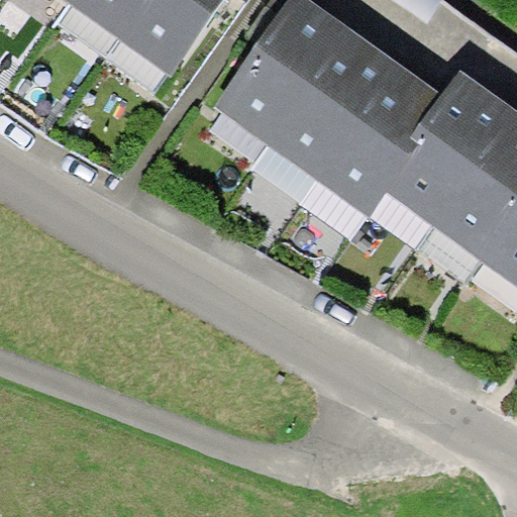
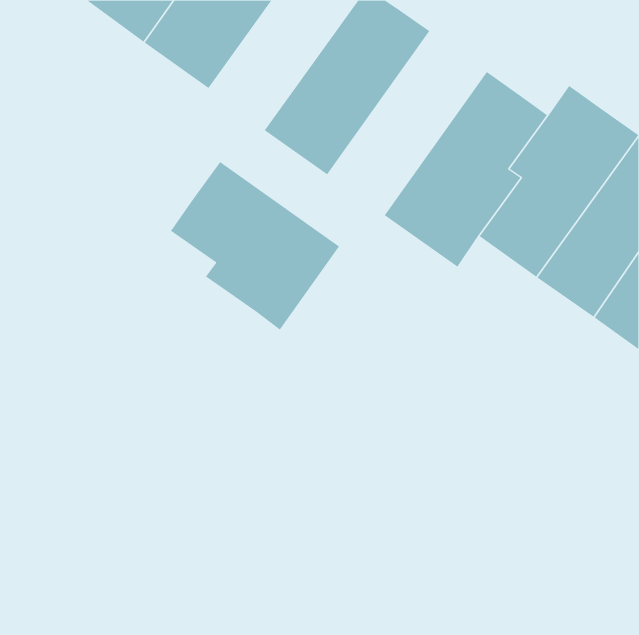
building: [265,28,393,177] -> none
building: none -> [170,161,340,330]

